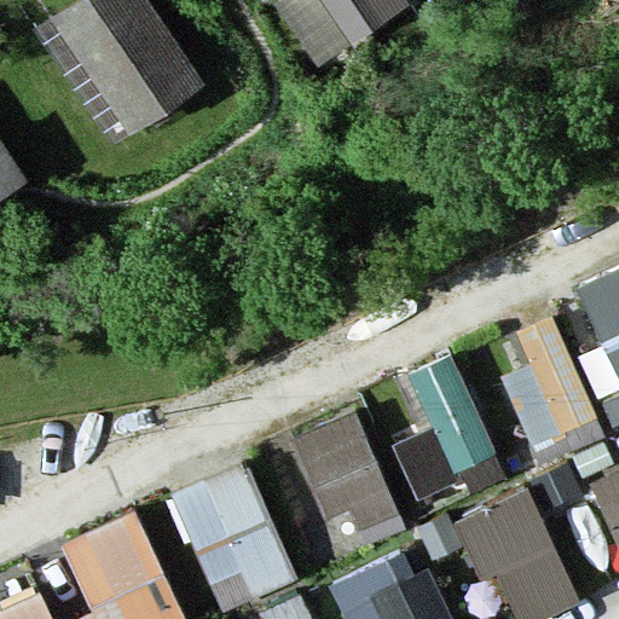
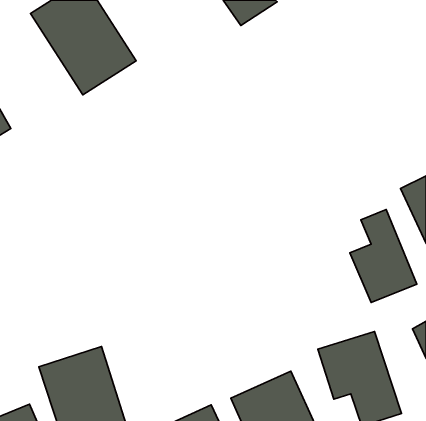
building: [394,354,498,492] -> none
building: [289,411,404,543] -> none
building: [170,462,293,611] -> none

